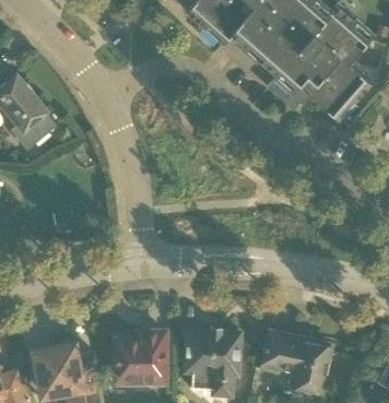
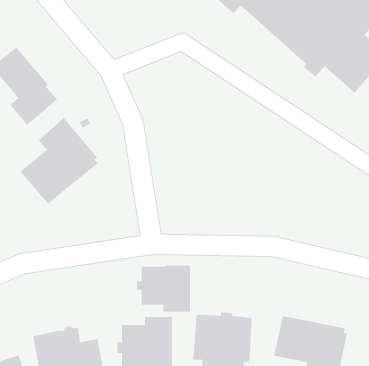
building: none -> [20,117,98,205]
building: none -> [137,265,190,313]

